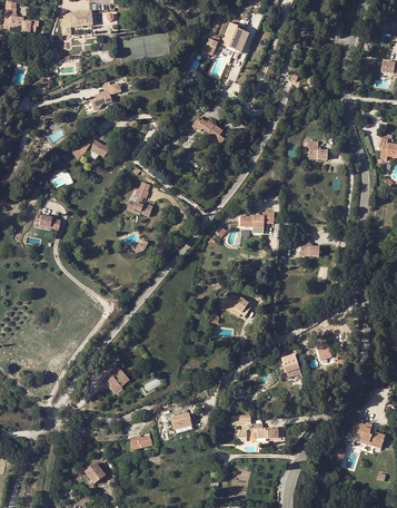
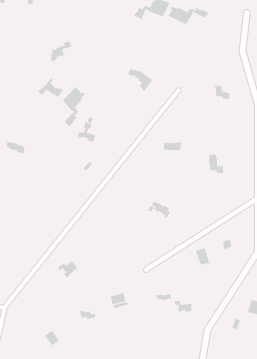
building: none -> [167,6,209,25]
building: none -> [62,86,85,127]

